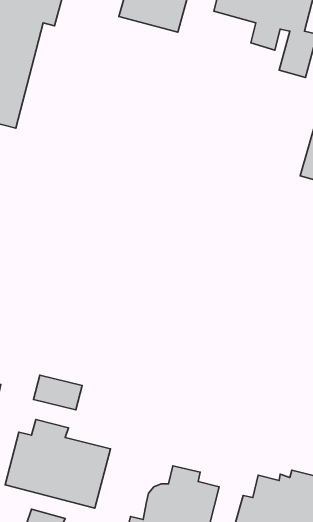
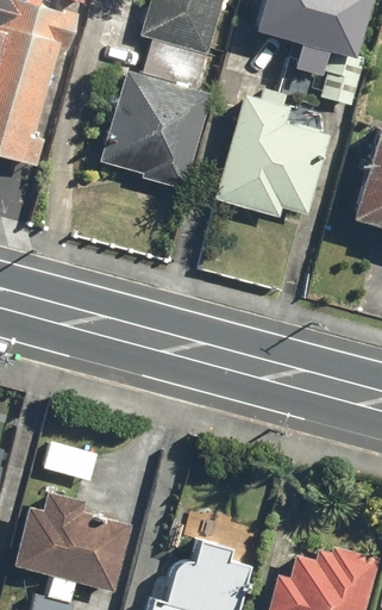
building: none -> [99,69,209,188]
building: none -> [213,93,326,214]

